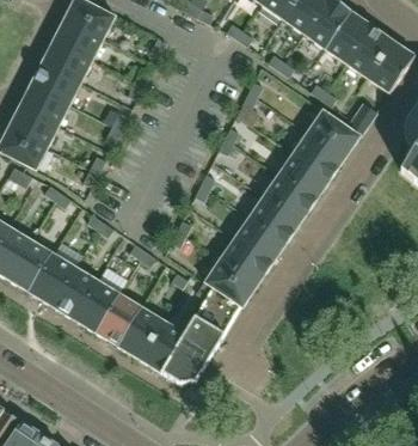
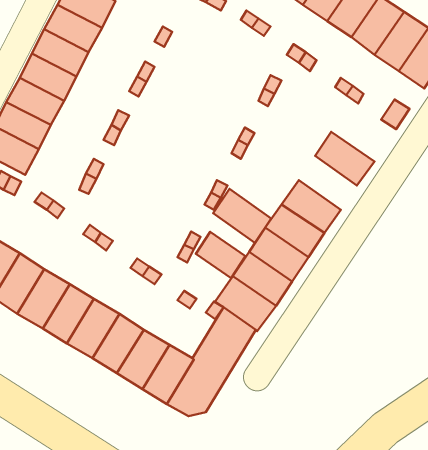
building: [307,110,359,158] -> none
building: [278,153,330,201] -> [213,189,271,243]
building: none -> [196,232,246,278]

